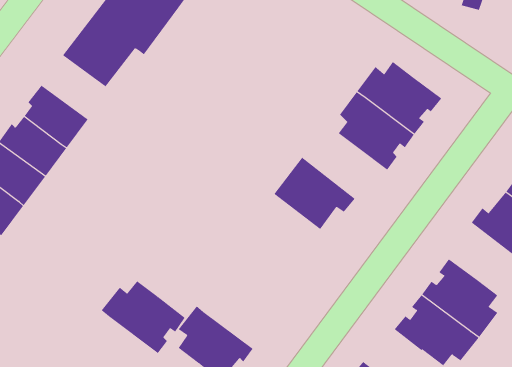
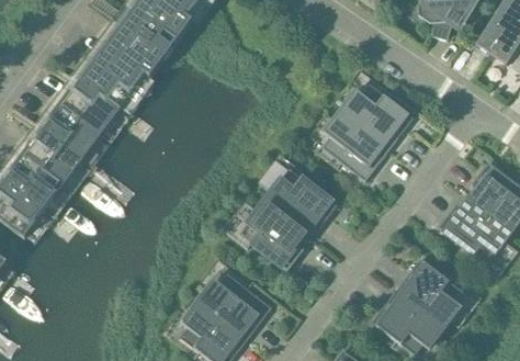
building: none -> [59,77,121,134]
building: none -> [239,200,306,269]
building: [101,281,185,354] -> [196,272,271,337]

